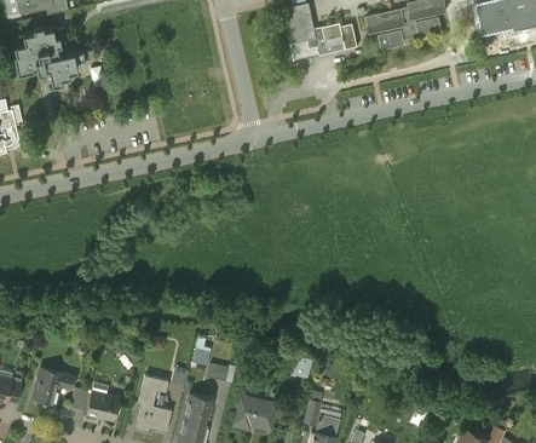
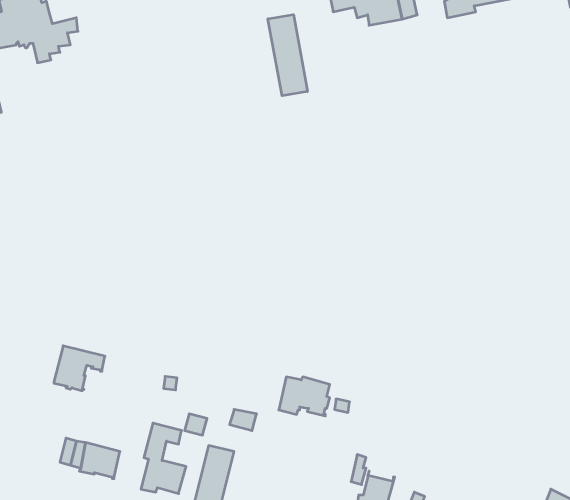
building: none -> [268,15,307,96]
building: [33,368,74,404] -> [54,346,105,391]
building: [234,398,275,430] -> [279,377,330,416]

